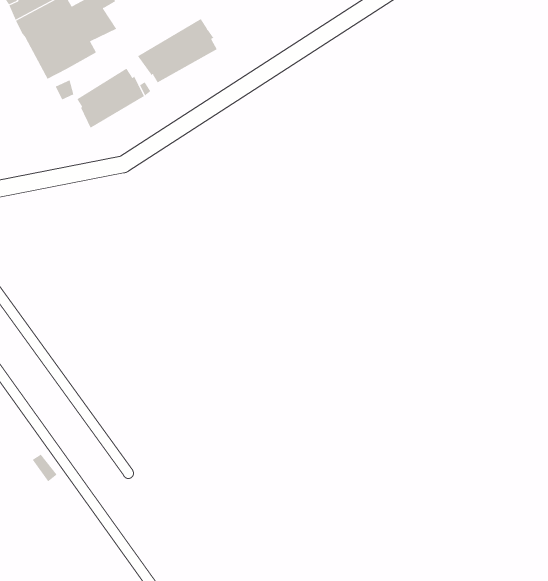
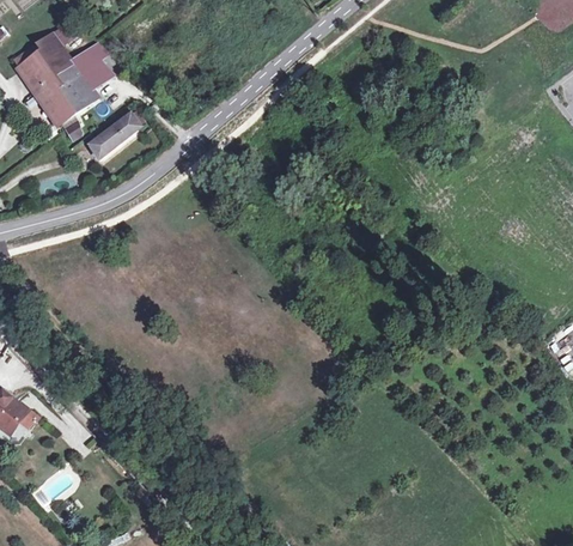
building: [137,18,217,83] -> none

